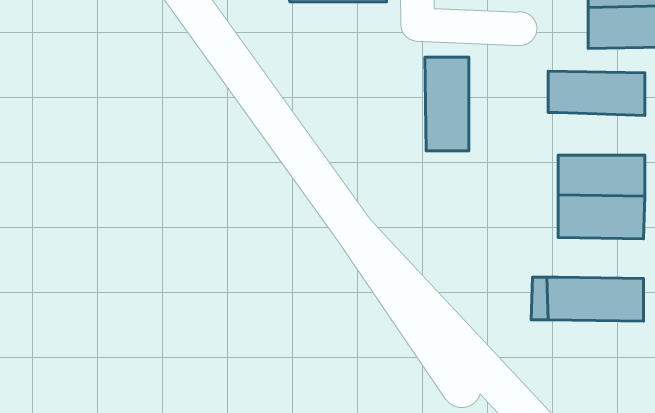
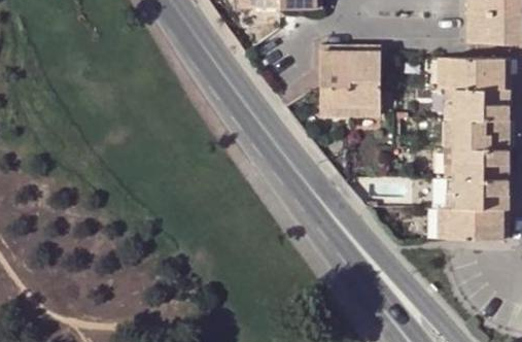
building: none -> [320,46,350,115]
building: none -> [446,88,509,118]
building: none -> [446,178,508,208]

